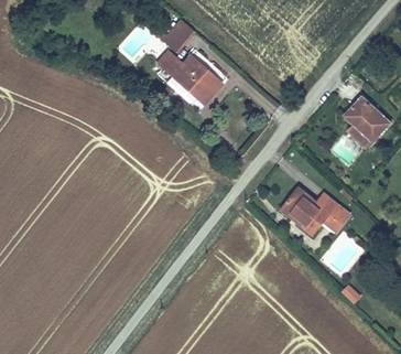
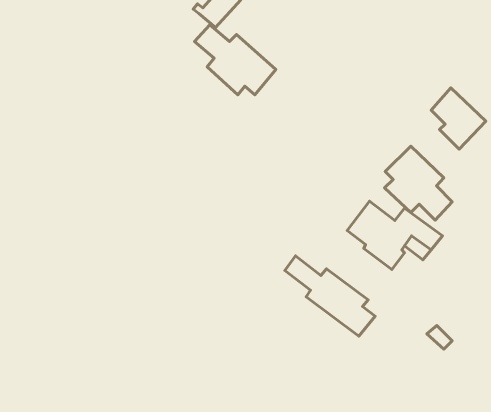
building: none -> [384,146,452,220]
building: none -> [285,256,375,336]

